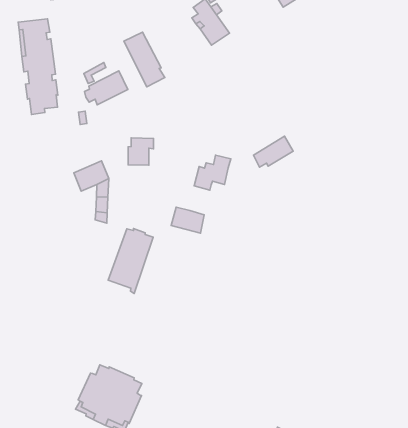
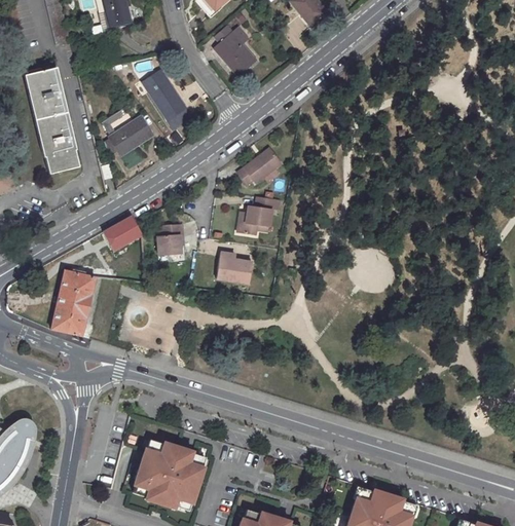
building: [253,136,293,167] -> [238,148,282,185]
building: [128,138,154,165] -> [157,224,185,256]
building: [108,229,153,293] -> [51,268,96,339]

